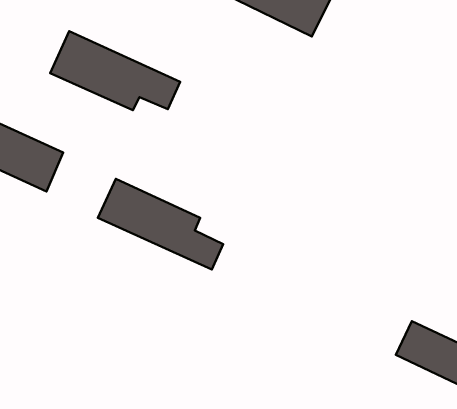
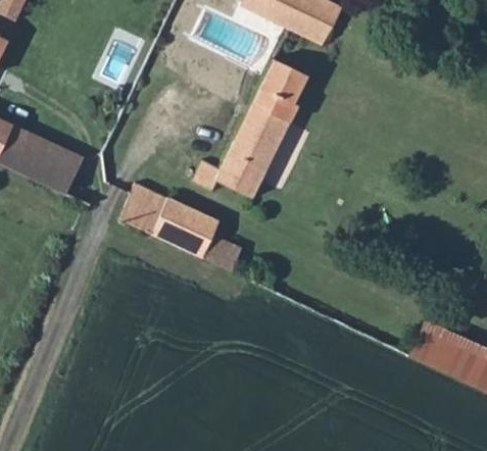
building: [50,31,180,110] -> none
building: none -> [194,57,308,200]

